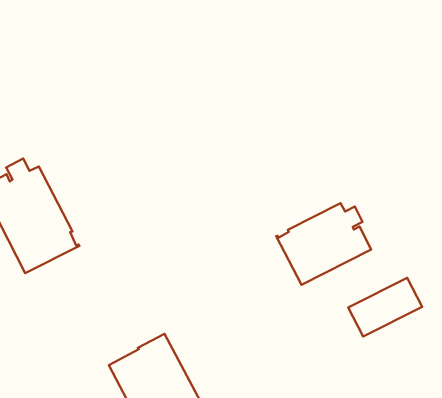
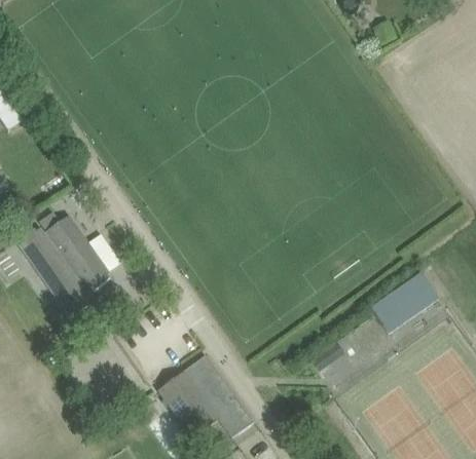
building: [276,203,371,285] -> none

